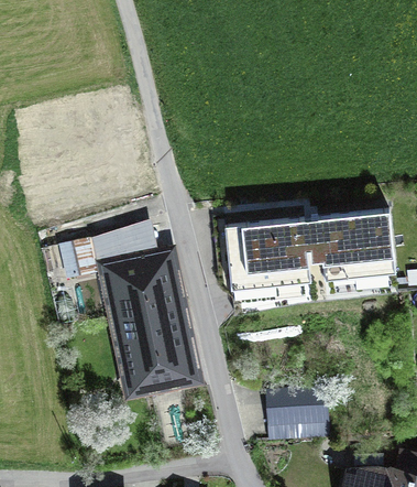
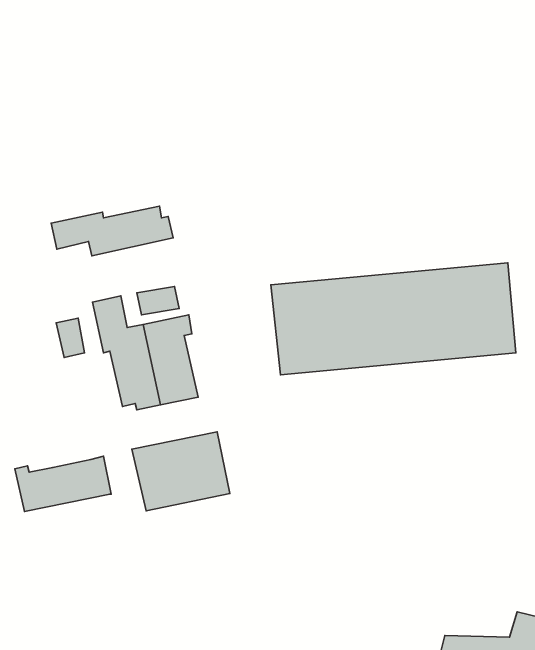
building: none -> [51,206,173,256]
building: [119,305,186,344] -> [15,456,111,512]
building: [267,394,326,443] -> none

